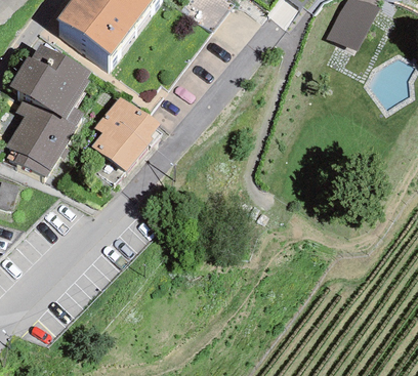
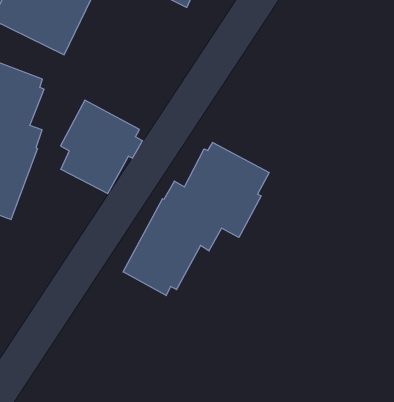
building: none -> [123,142,269,296]

